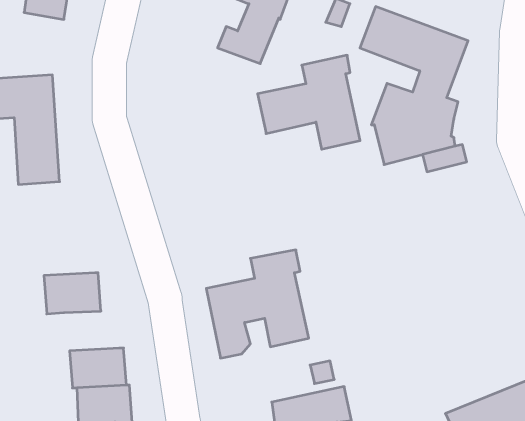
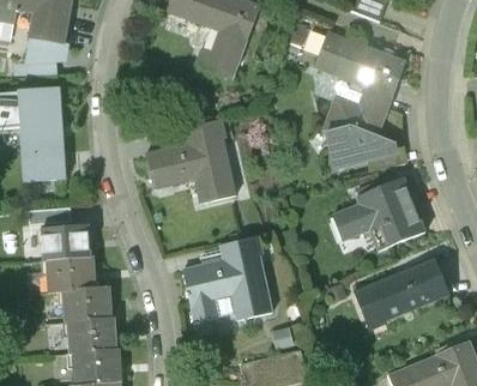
building: none -> [26,36,70,64]
building: [258,55,360,149] -> [147,121,234,200]
building: none -> [333,177,422,248]
building: none -> [42,225,91,259]
building: none -> [351,259,447,325]
building: none -> [65,287,111,321]

